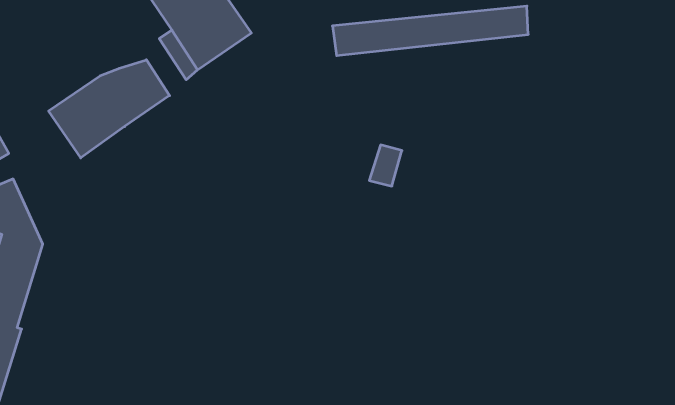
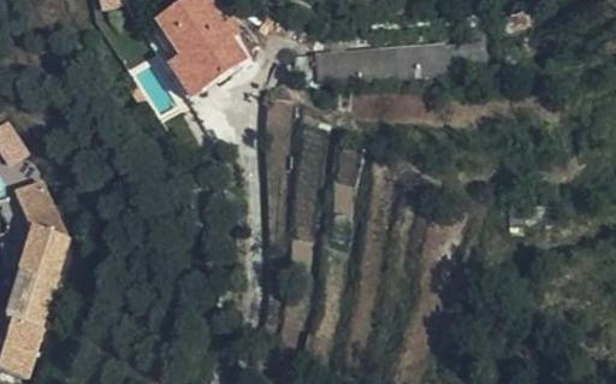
building: [49,60,170,158] -> none

